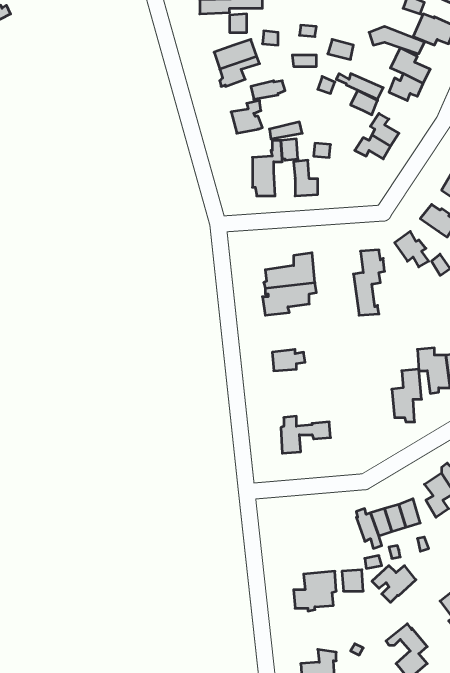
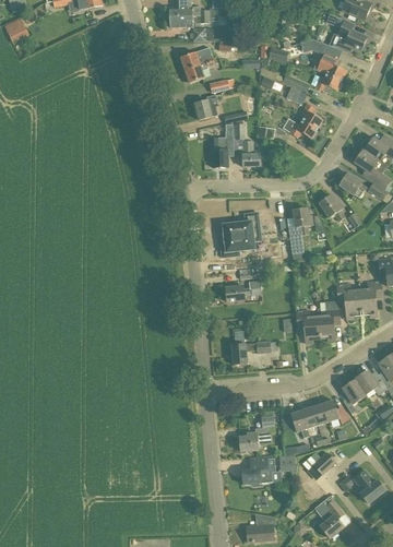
building: none -> [296,309,319,342]
building: none -> [239,412,273,450]

